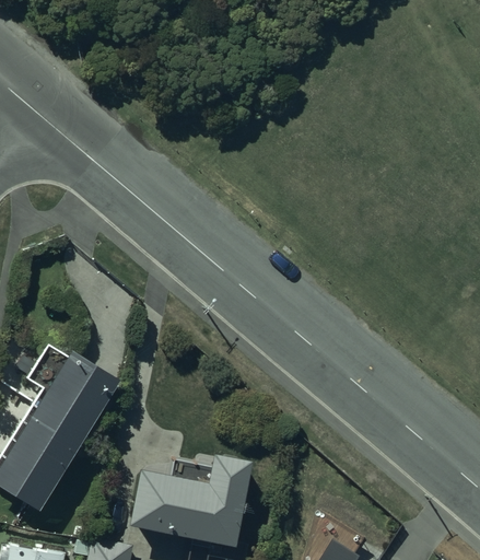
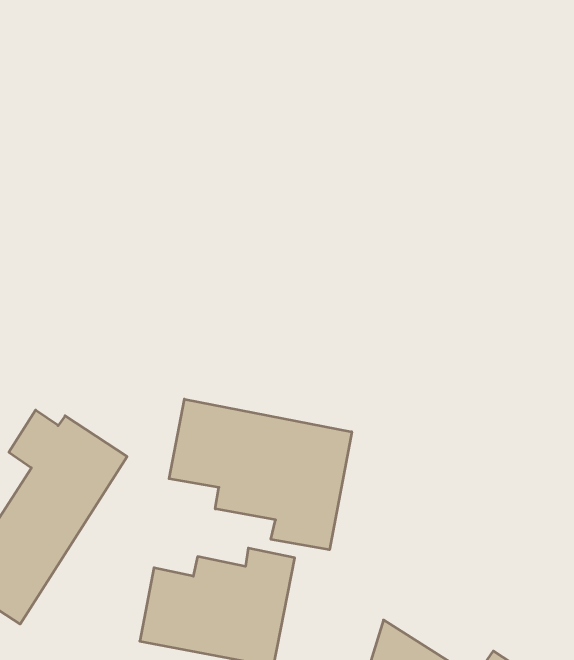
building: none -> [169,399,352,550]

